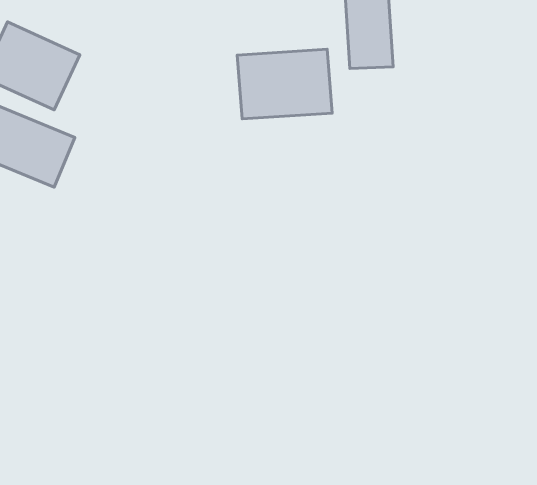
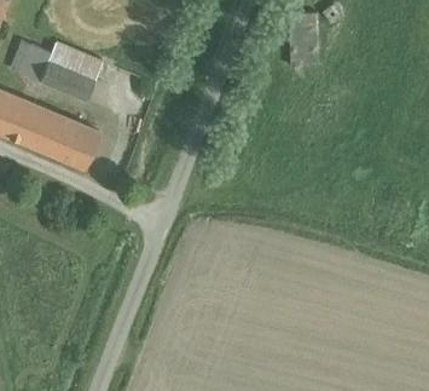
building: [237,49,332,119] -> none

